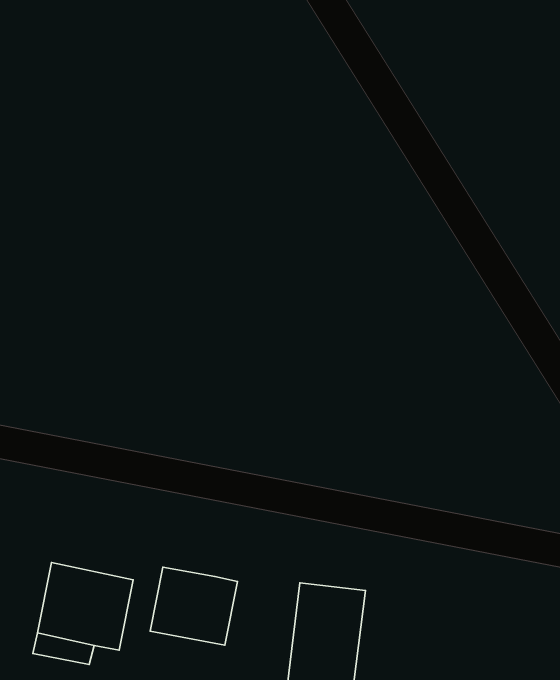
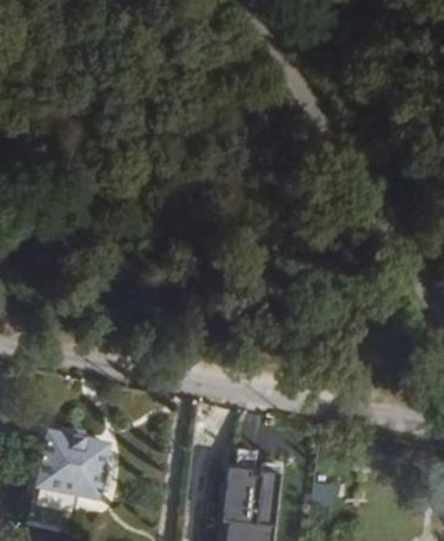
building: [150,567,237,645] -> none

